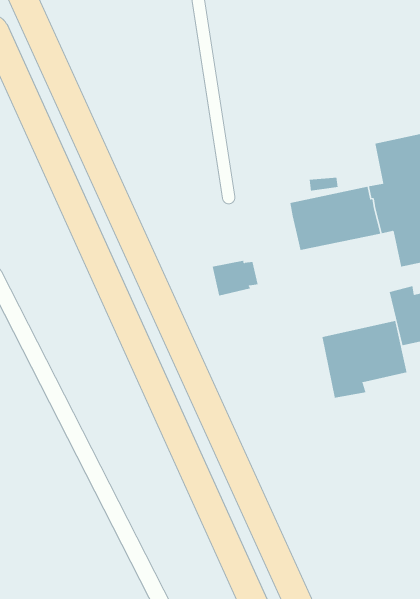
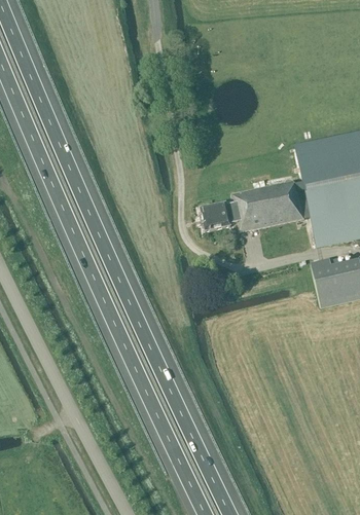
building: [212,260,258,296] -> [201,203,238,231]
building: [322,320,407,399] -> none

